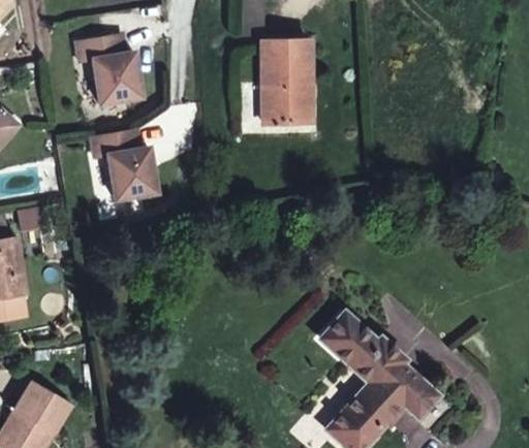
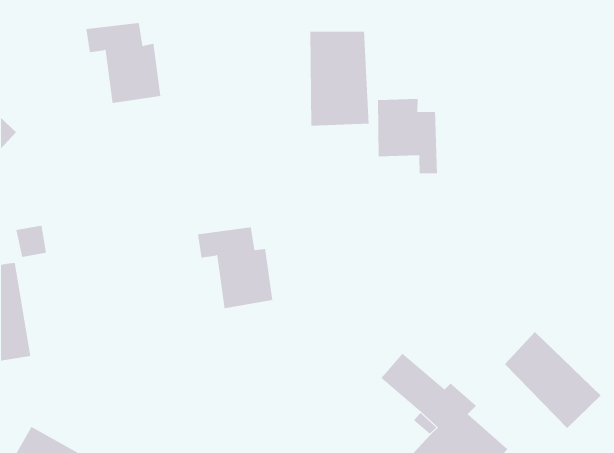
building: none -> [377,98,438,174]
building: [89,131,154,201] -> [197,227,273,309]
building: none -> [504,331,602,429]

